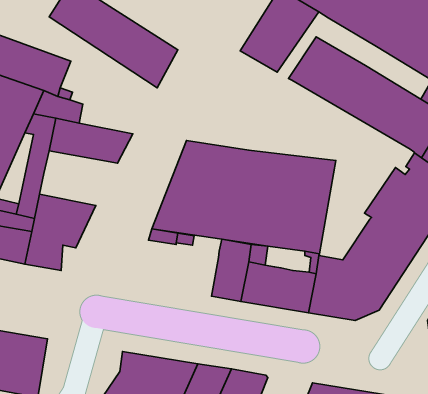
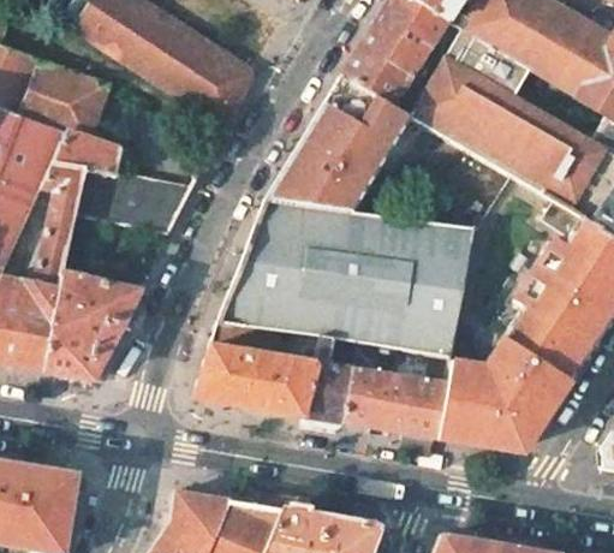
building: none -> [447,29,531,95]
building: none -> [267,75,413,213]
building: none -> [195,345,311,416]

